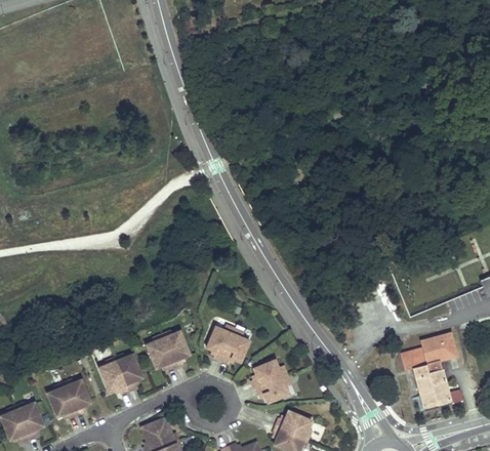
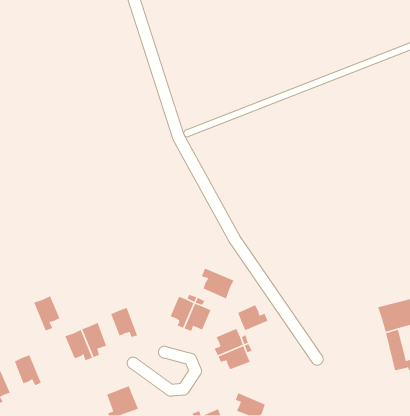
building: none -> [201,267,235,299]
building: [163,331,190,368] -> none
building: none -> [237,304,268,331]
building: [400,347,436,407] -> none
building: [64,379,91,416] -> [33,295,60,331]
building: [276,411,312,438] -> none

